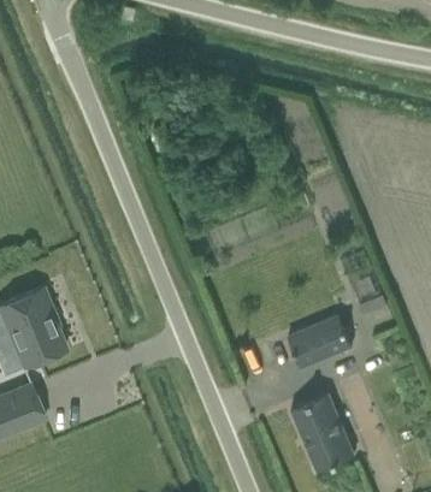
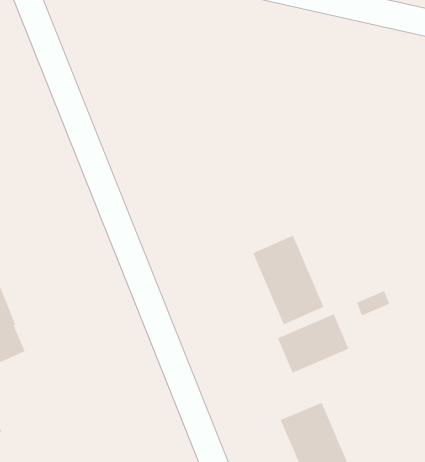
building: none -> [252,235,324,325]

